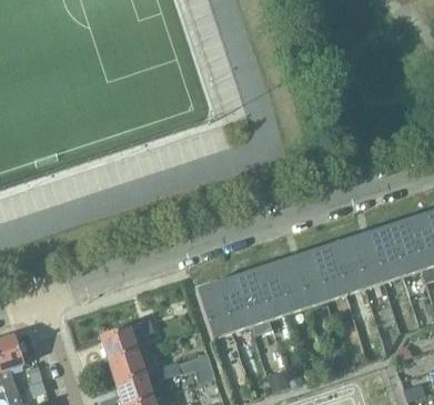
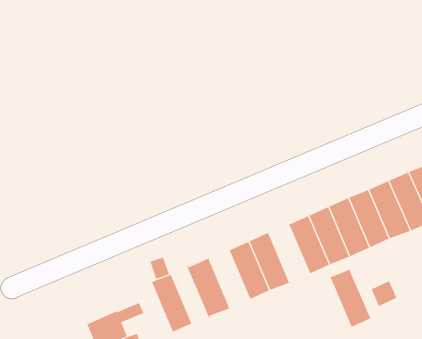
building: [274,259,309,312] -> [330,269,371,328]
building: [218,277,252,331] -> [151,274,192,332]

